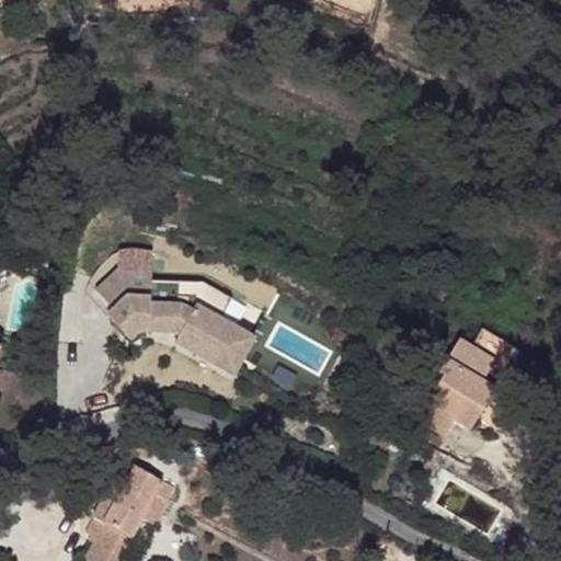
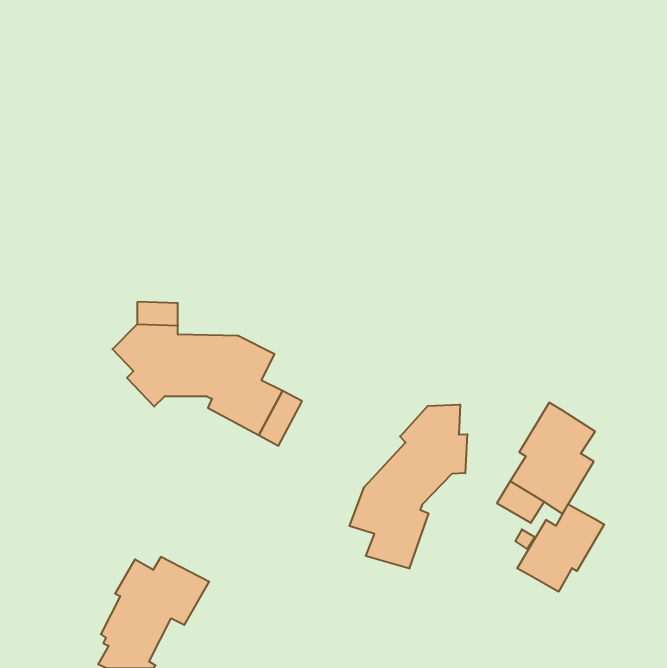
building: none -> [350,404,467,569]
building: none -> [517,504,604,592]

